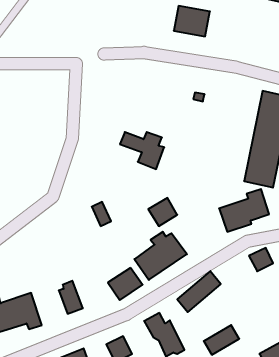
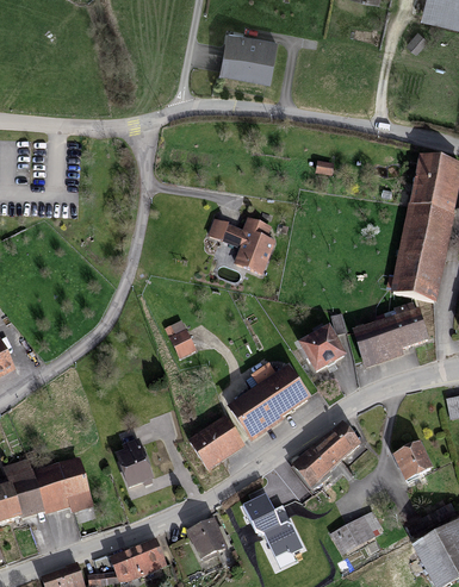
building: [174,6,210,36] -> [221,33,274,79]
building: [148,198,177,226] -> [300,330,343,371]
building: [249,248,273,271] -> [395,445,430,480]

